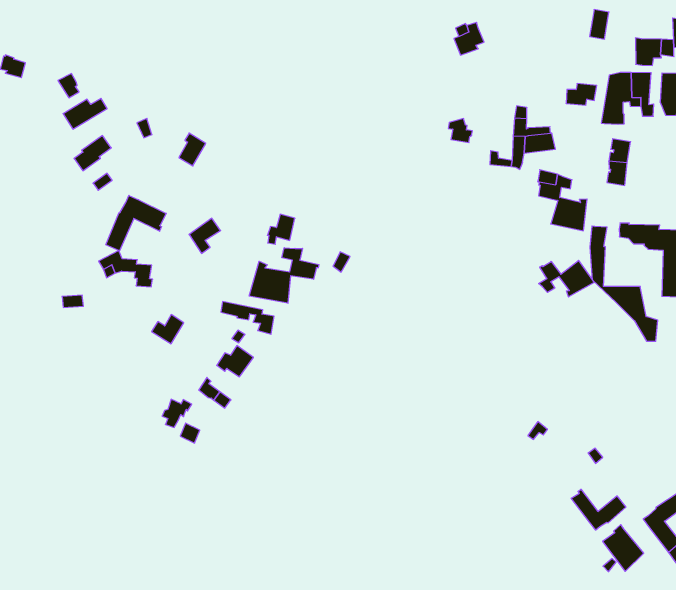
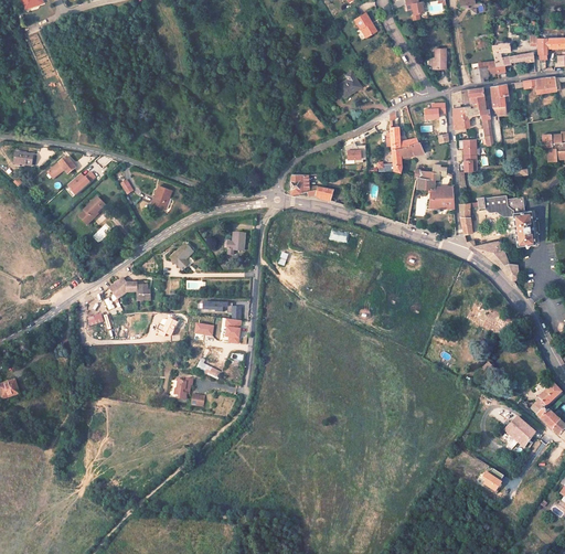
building: none -> [291,174,333,201]
building: [106,195,166,251] -> none
building: [249,248,319,303] -> none
building: [539,260,594,297] -> none
building: [571,489,626,530] -> none

